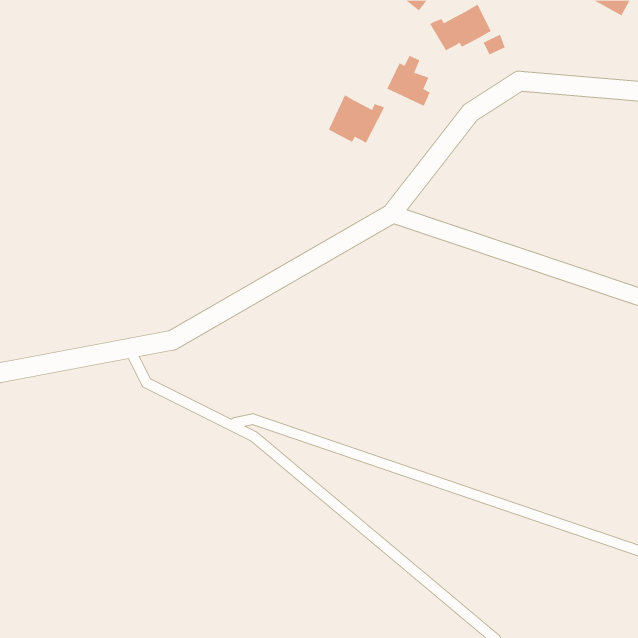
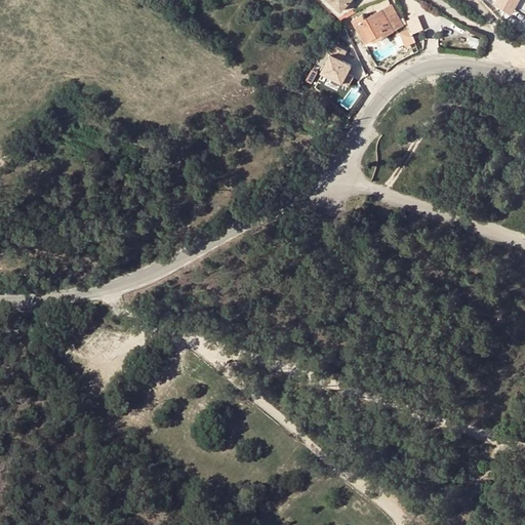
building: [328,94,385,143] -> none

